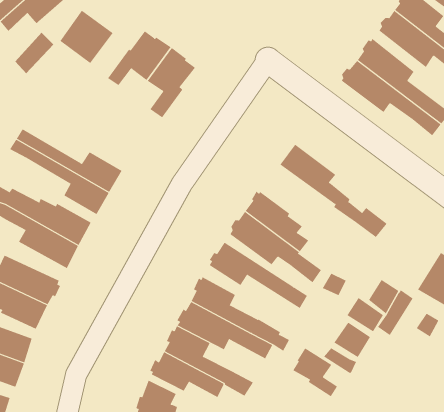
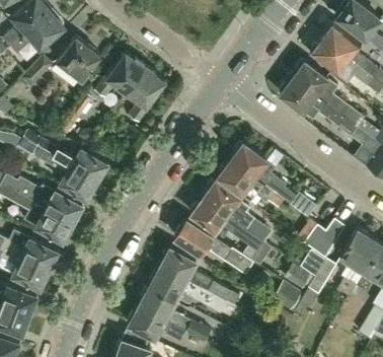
building: none -> [219,159,275,200]
building: none -> [304,219,346,258]
building: [293,347,338,397] -> none

